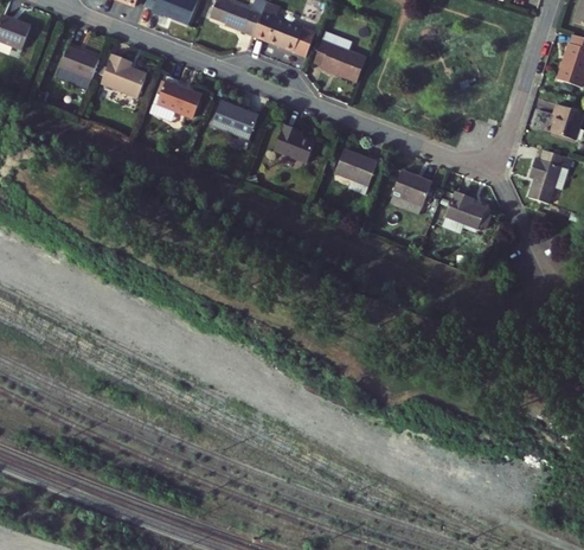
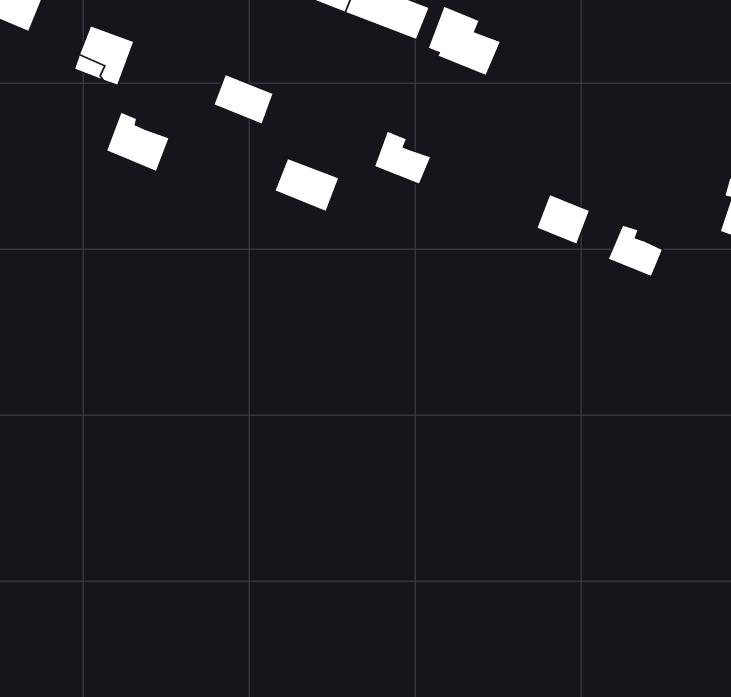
building: [101,53,147,97] -> [106,112,169,172]
building: [211,101,258,140] -> [274,158,339,212]
building: [334,149,378,194] -> none

